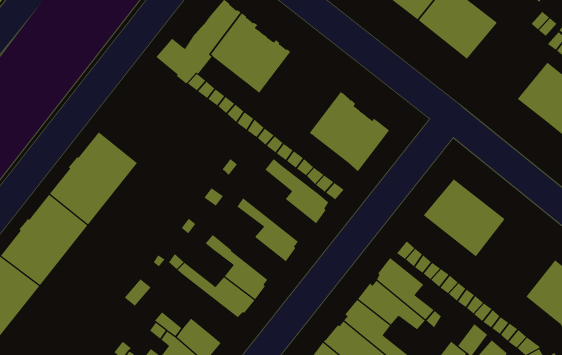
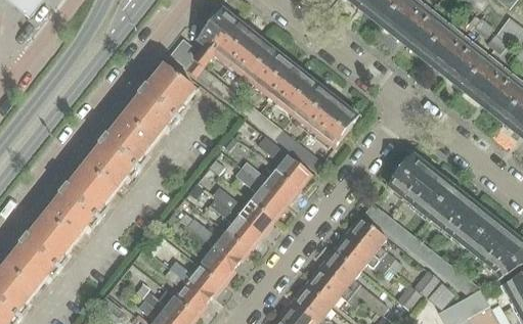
building: none -> [422,27,486,88]
building: none -> [254,50,319,115]
building: none -> [124,64,195,140]
building: none -> [241,161,300,203]
building: none -> [429,185,492,247]
building: none -> [231,199,275,234]
building: none -> [186,229,236,282]

